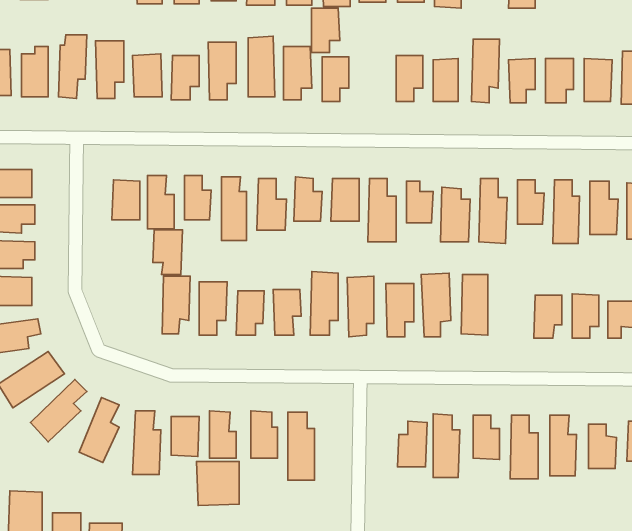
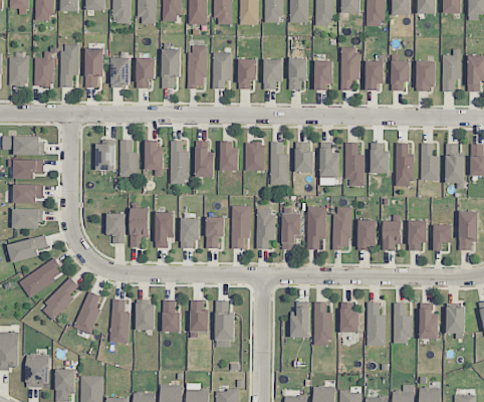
building: [312,8,340,52] -> [264,59,283,89]
building: [153,230,182,274] -> [106,213,127,243]
building: none -> [358,220,377,248]
building: [196,461,239,506] -> none

